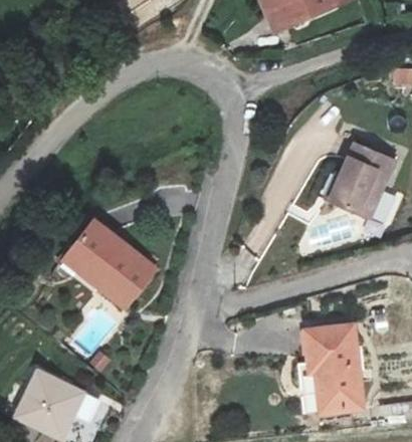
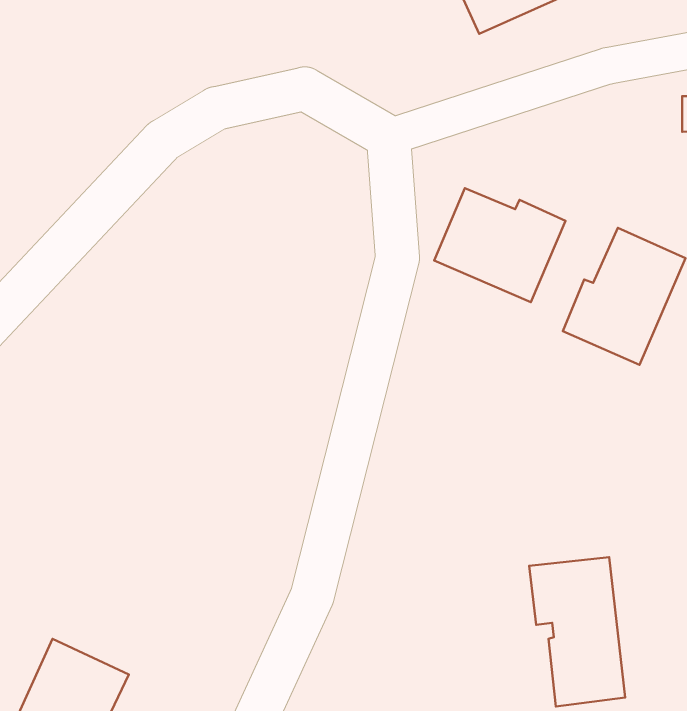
building: none -> [434,188,566,302]
building: [66,222,155,309] -> none

